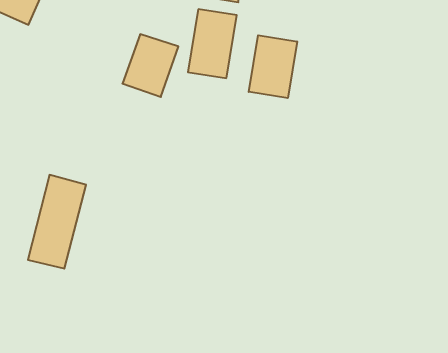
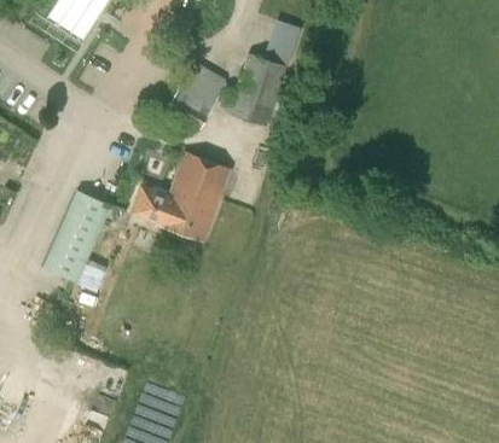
building: [249,35,297,98] -> none
building: none -> [130,151,231,240]

